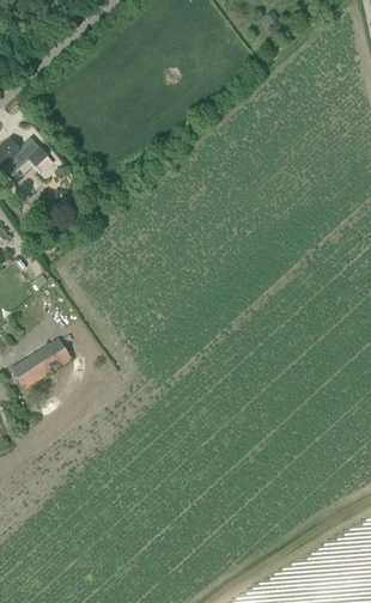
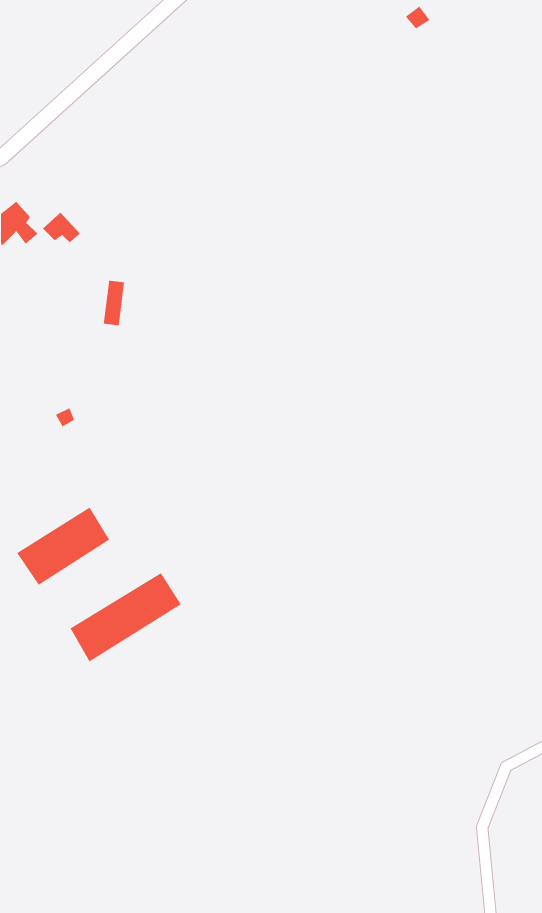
building: none -> [69,572,182,662]

